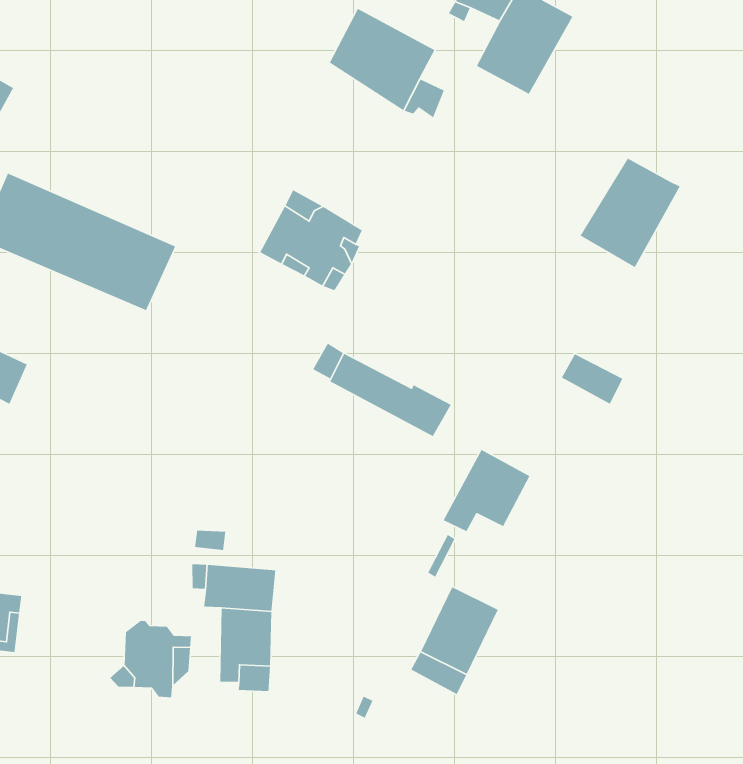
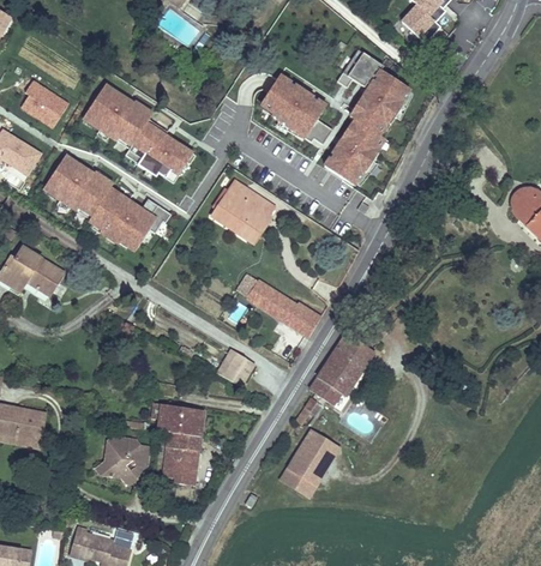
building: none -> [80,80,193,182]
building: [579,157,681,268] -> [325,116,390,185]
building: [561,353,624,405] -> [336,333,374,367]
building: none -> [217,349,254,386]

